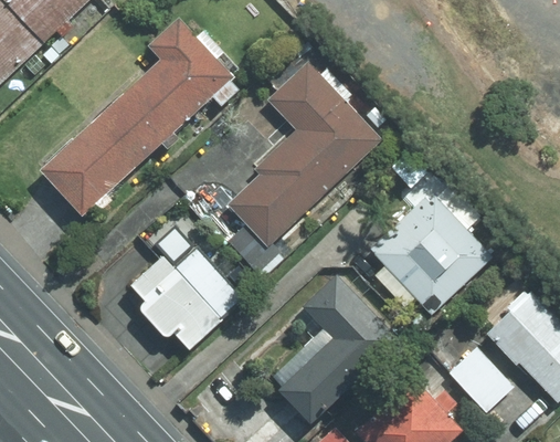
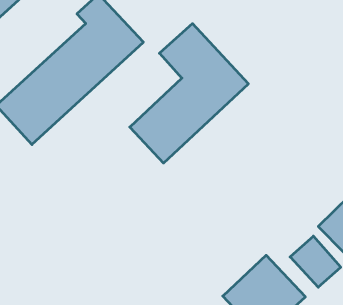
building: [371,182,497,317] -> none
building: [115,246,245,364] -> none
building: [273,271,399,420] -> none

